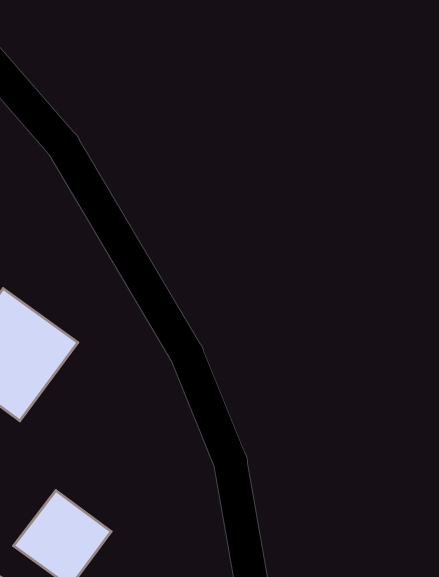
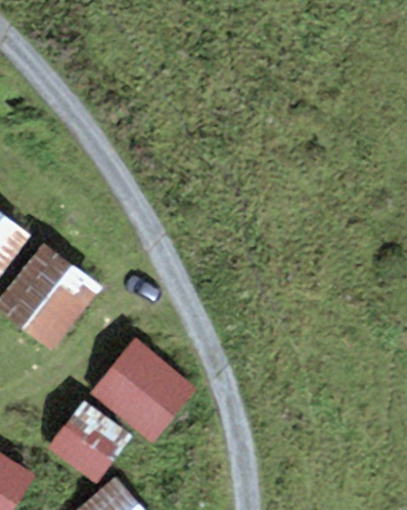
building: none -> [98,345,191,437]

